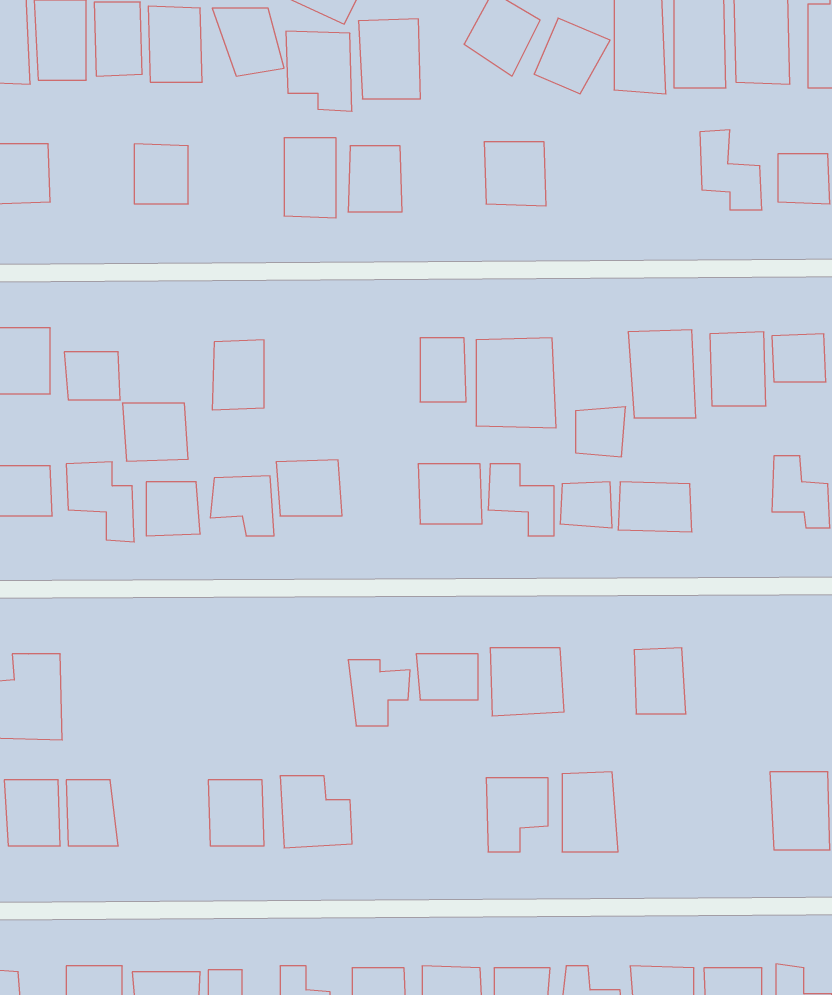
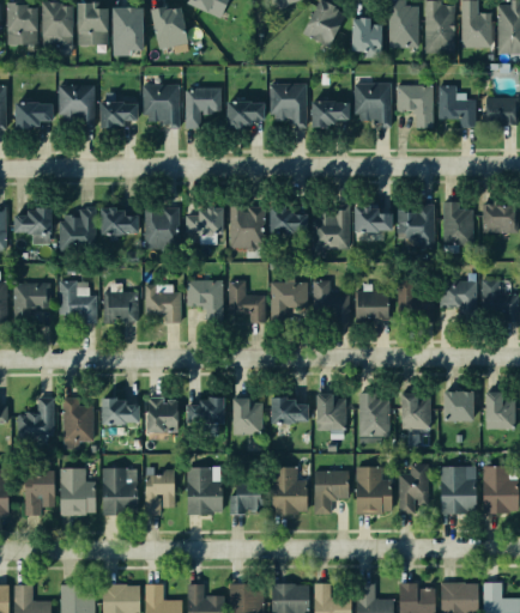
building: [358,19,420,99] -> [270,79,307,127]
building: [286,31,352,111] -> [143,83,182,131]
building: none -> [60,80,98,125]
building: none -> [356,81,392,129]
building: none -> [397,83,434,132]
building: none -> [186,202,222,236]
building: none -> [232,204,268,249]
building: [122,403,188,461] -> [98,199,138,233]
building: [576,407,626,457] -> [357,201,387,231]
building: none -> [228,281,267,322]
building: none -> [440,281,474,317]
building: none -> [441,390,472,421]
building: none -> [99,393,137,423]
building: none -> [362,393,393,436]
building: none -> [482,393,514,427]
building: none -> [66,394,93,443]
building: none -> [189,395,223,427]
building: none -> [147,396,181,433]
building: none -> [270,466,308,512]
building: none -> [399,466,430,511]
building: none -> [437,467,474,509]
building: none -> [103,468,135,512]
building: none -> [235,478,259,515]

